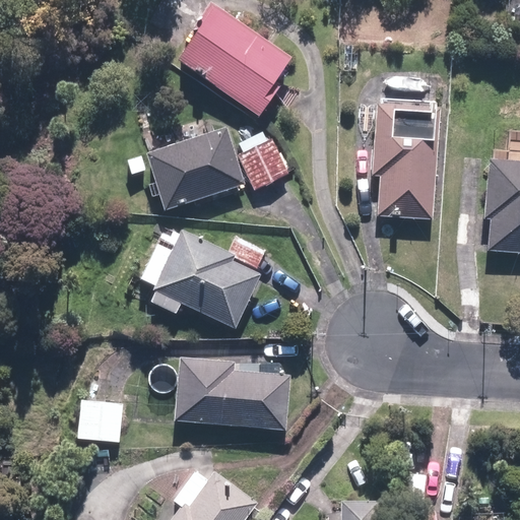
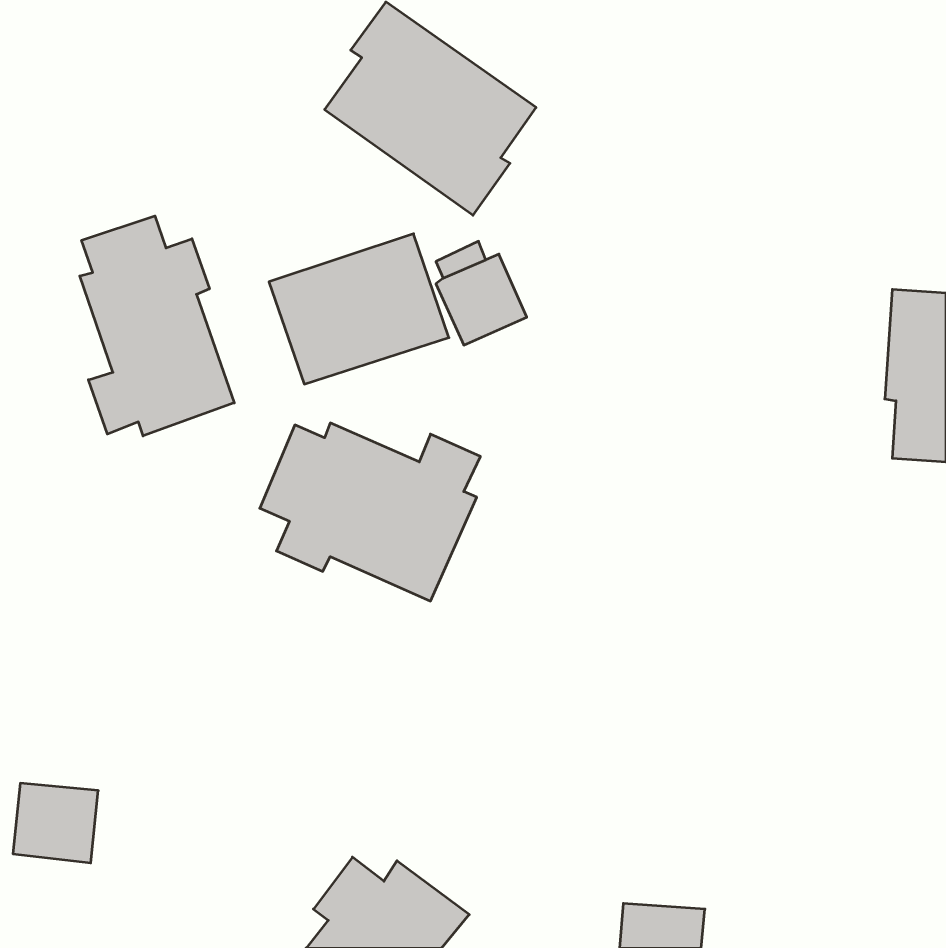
building: [373,103,440,219] -> none
building: none -> [80,216,234,436]
building: [173,356,289,427] -> none
building: [77,399,124,443] -> [13,783,98,863]

